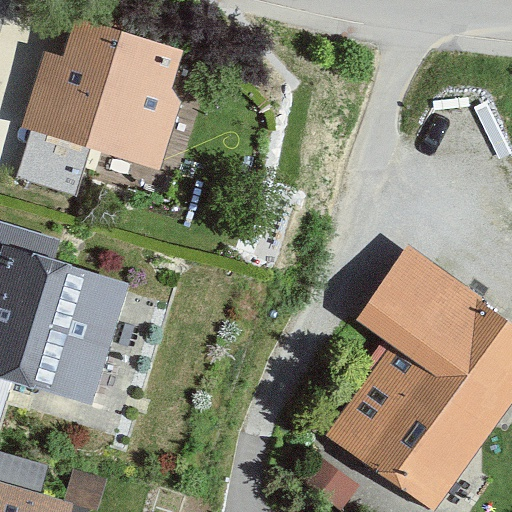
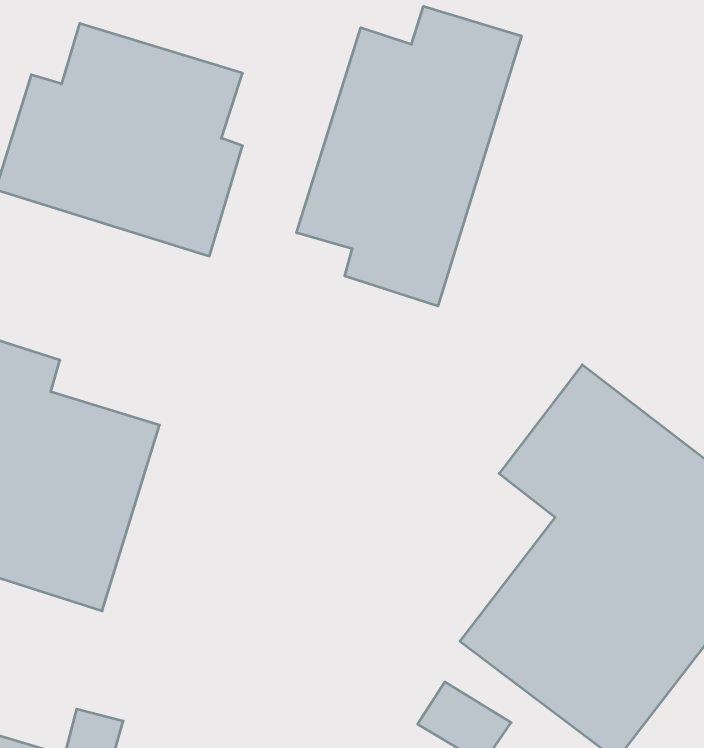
building: none -> [297,6,521,306]

